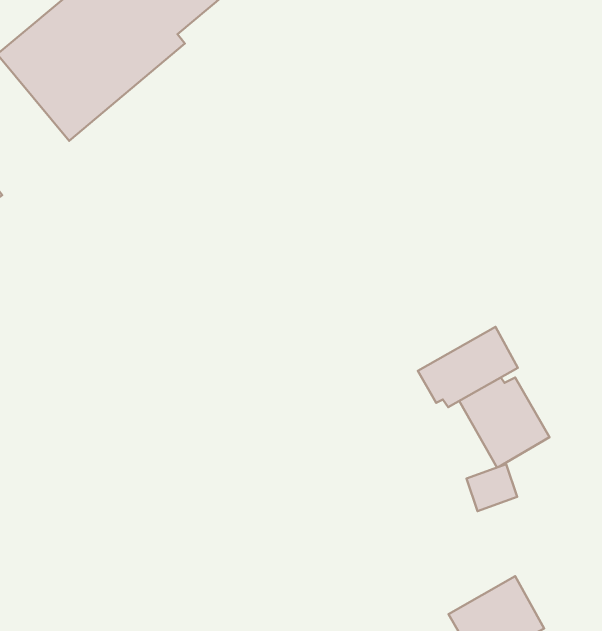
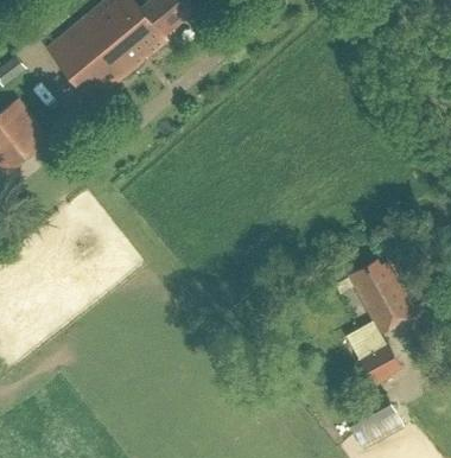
building: [418,327,518,407] -> none
building: none -> [356,341,401,384]

